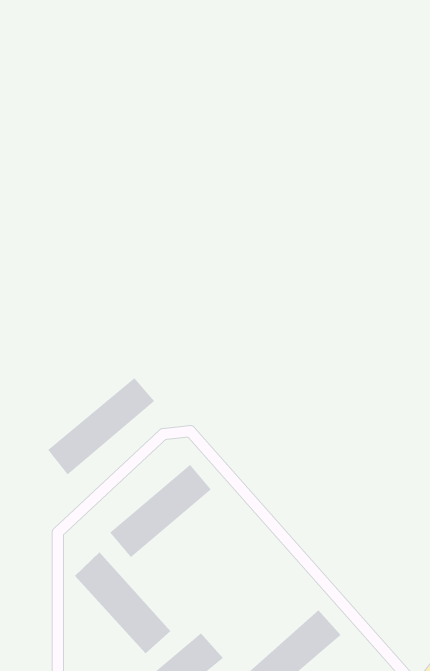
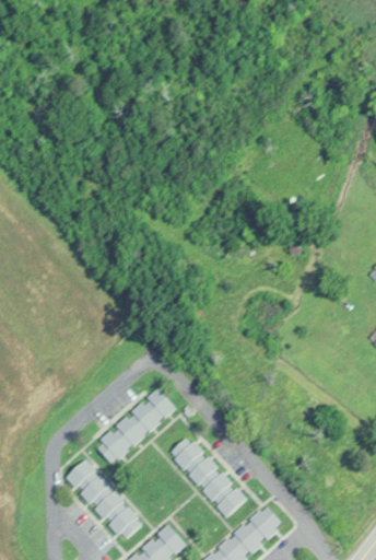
building: [47,377,155,475] -> none
building: none -> [171,435,246,518]

